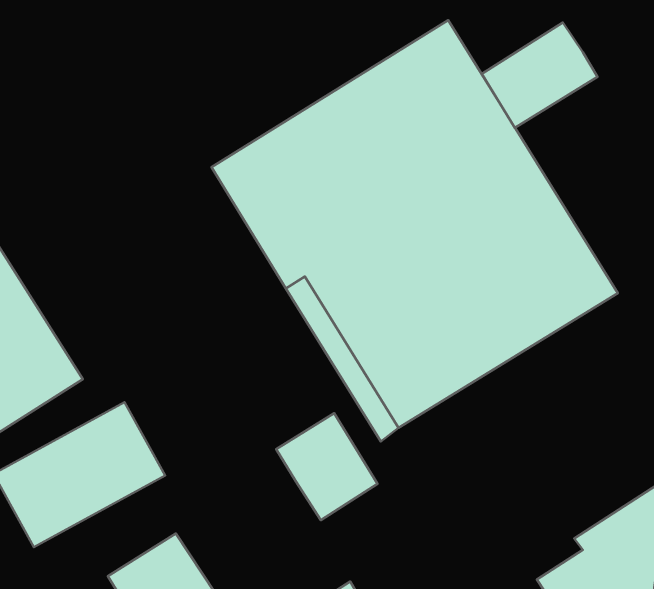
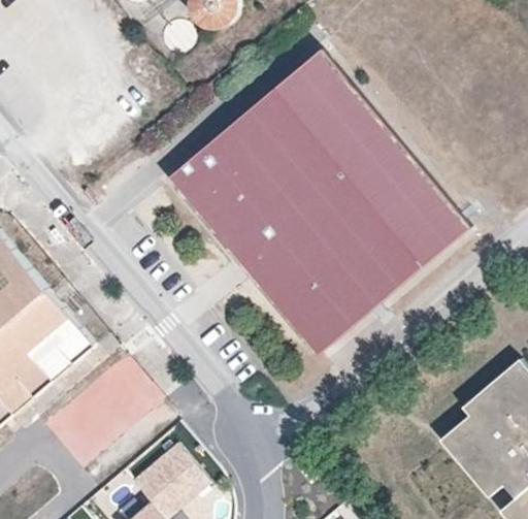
building: [482,23,597,128] -> none
building: [276,413,378,520] -> none

